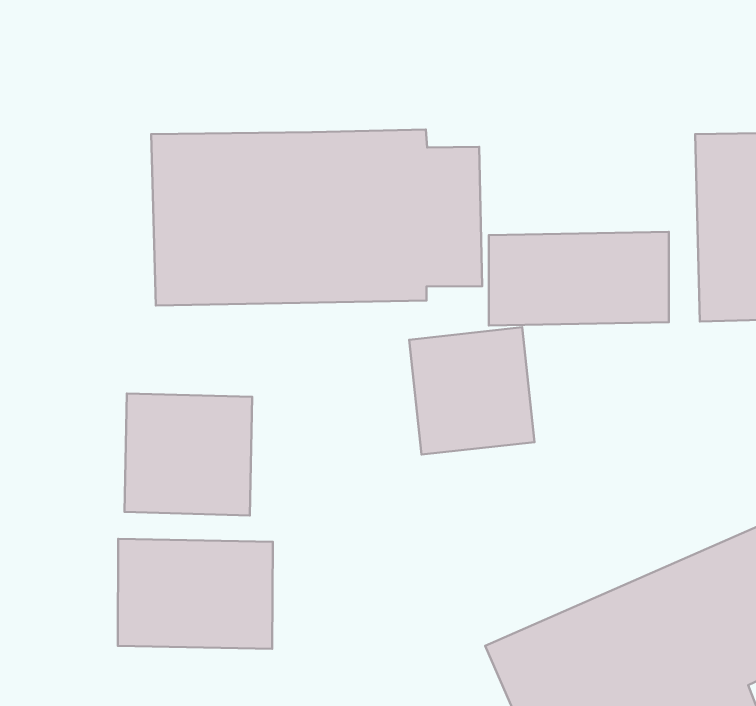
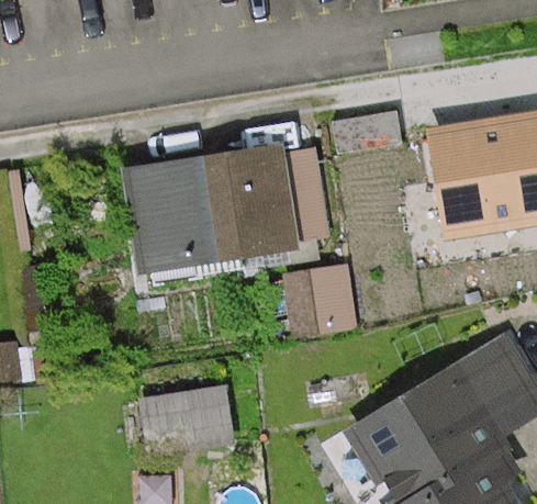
building: [489,232,669,325] -> none
building: [125,393,252,515] -> none

